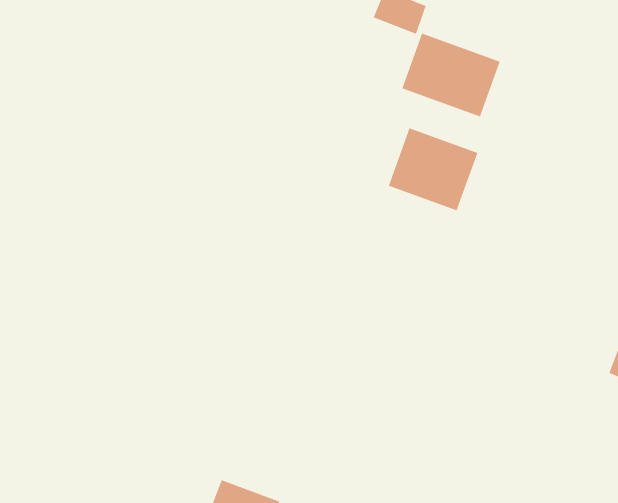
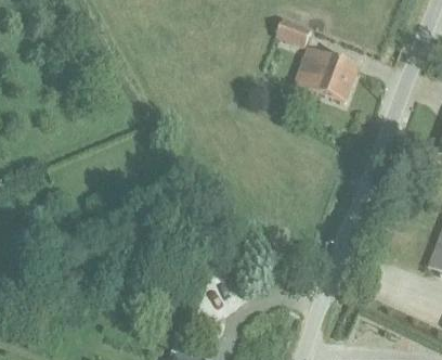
building: [388,127,478,211] -> none

